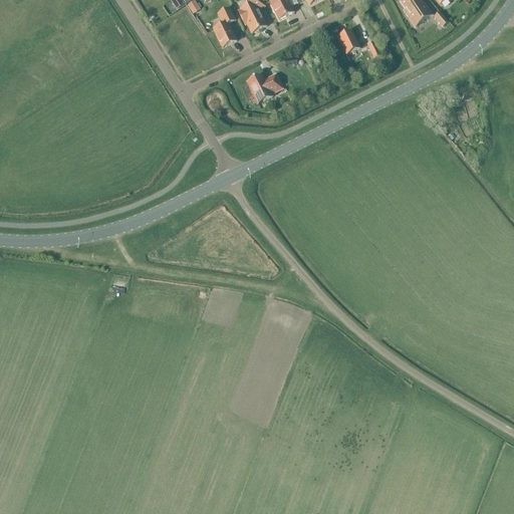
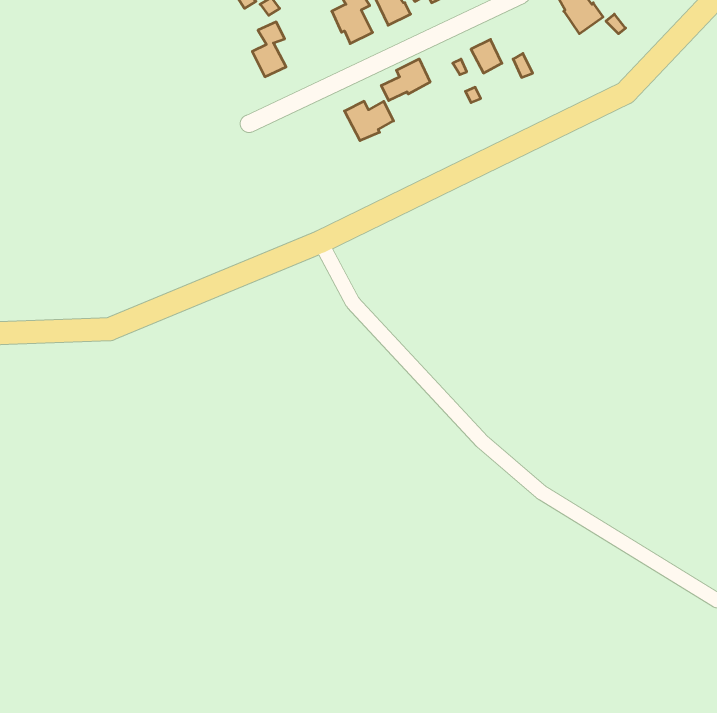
building: [212,6,236,45] -> [252,22,286,77]
building: none -> [381,59,430,101]

